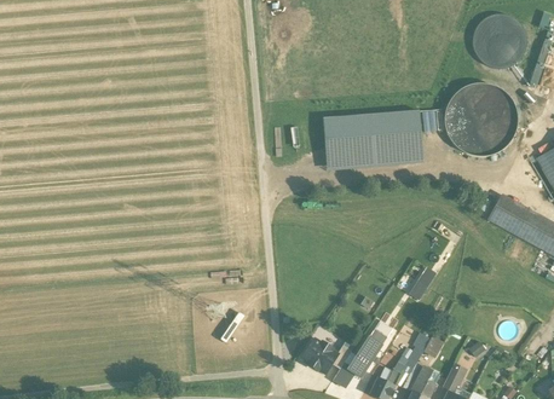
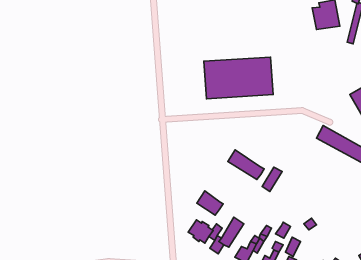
building: [444,83,517,156] -> none
building: none -> [228,150,264,180]
building: none -> [197,191,223,215]

